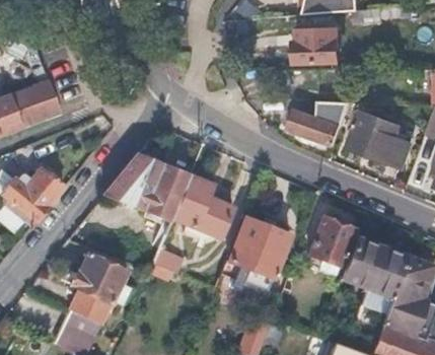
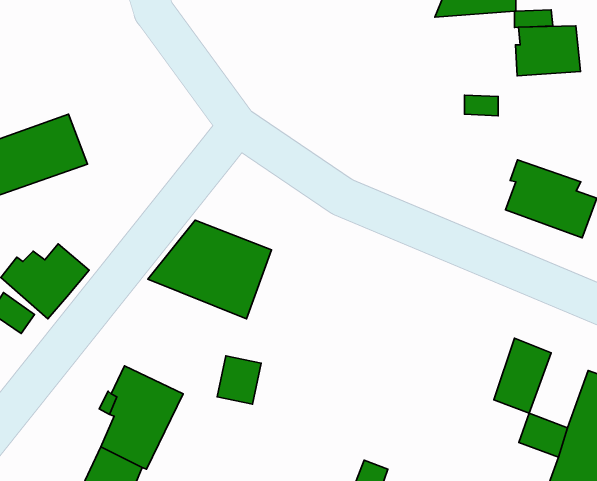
building: [296,28,341,63] -> [516,26,580,76]
building: [289,100,352,146] -> none
building: [173,174,231,235] -> none
building: [309,216,354,266] -> none
building: [227,217,288,290] -> none
building: [366,244,408,296] -> none

